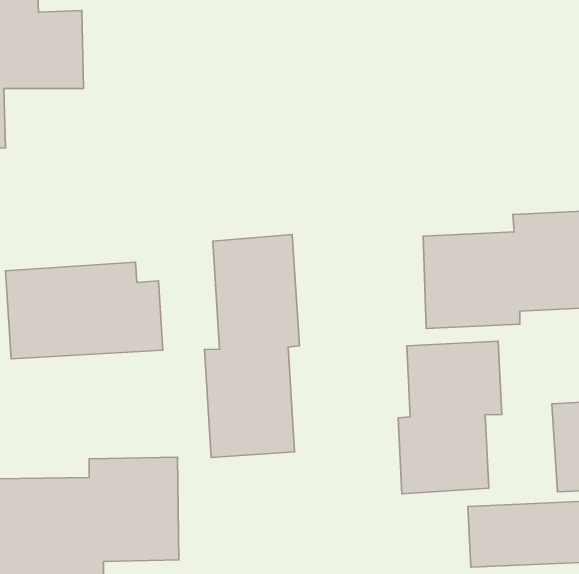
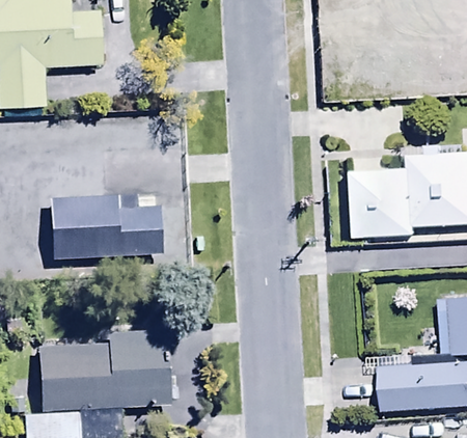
building: [205,234,299,457] -> none
building: [398,341,502,494] -> none

